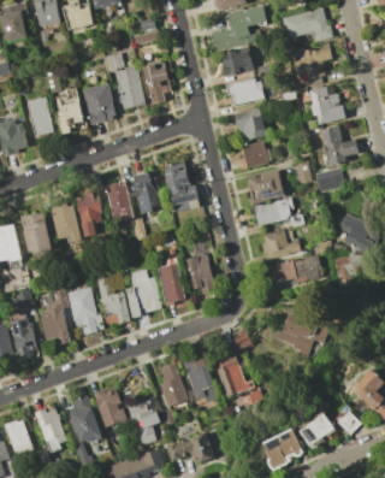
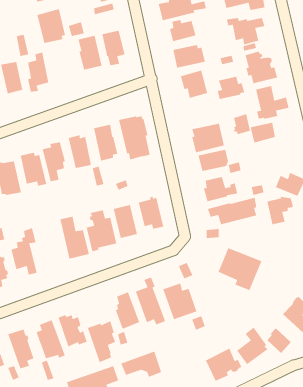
building: [82,83,116,124] -> [37,8,66,44]
building: [239,141,272,169] -> [217,76,245,100]
building: [66,287,103,335] -> none

